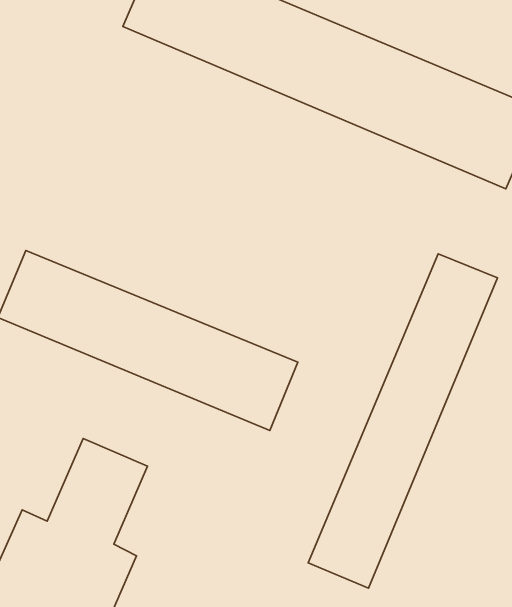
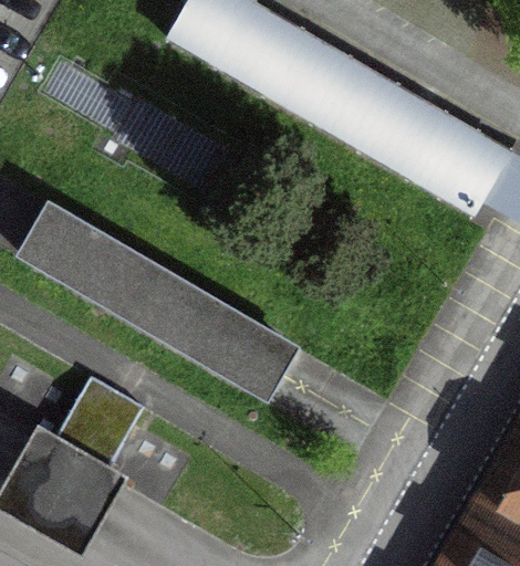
building: [308,254,498,588] -> none

